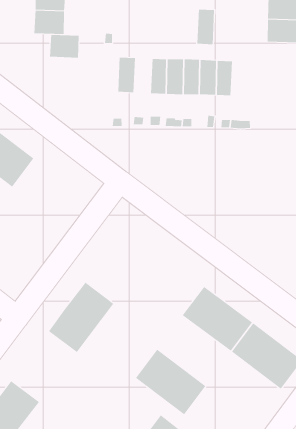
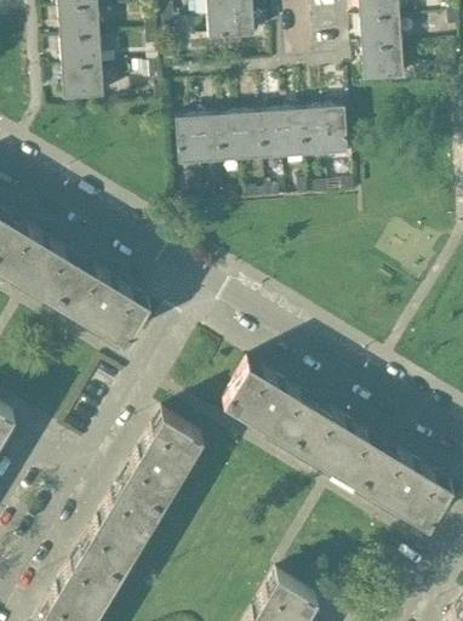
building: [196,9,215,45] -> [326,112,350,158]
building: [50,34,79,58] -> none
building: none -> [201,120,224,166]
building: none -> [59,263,152,344]
building: none -> [82,483,164,575]
building: [135,349,206,415] -> [225,364,318,445]

